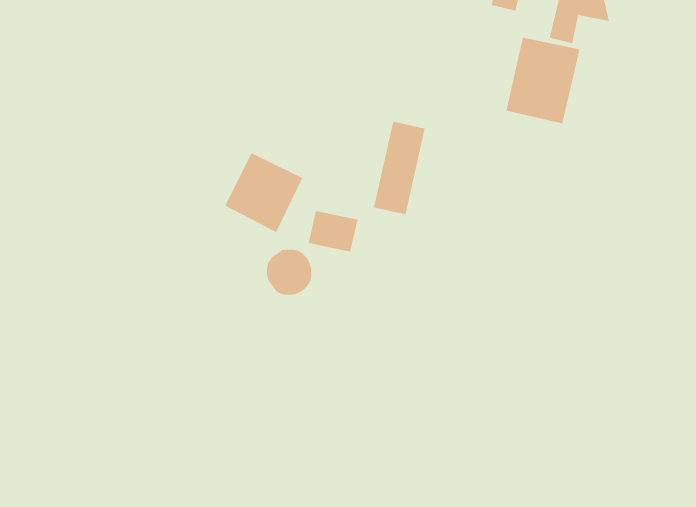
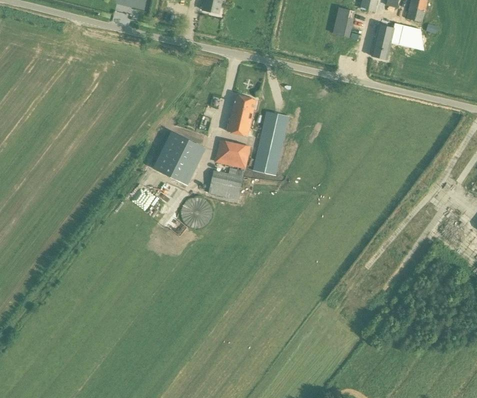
building: [506,37,580,124] -> none
building: none -> [228,97,254,134]
building: none -> [216,140,250,168]

